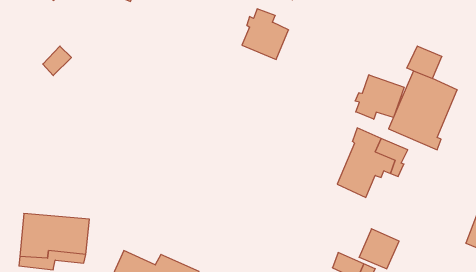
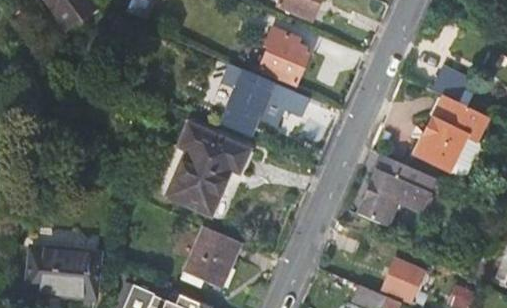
building: none -> [218,62,309,135]
building: [355,75,404,119] -> none
building: none -> [167,123,249,215]
building: none -> [184,226,240,287]

